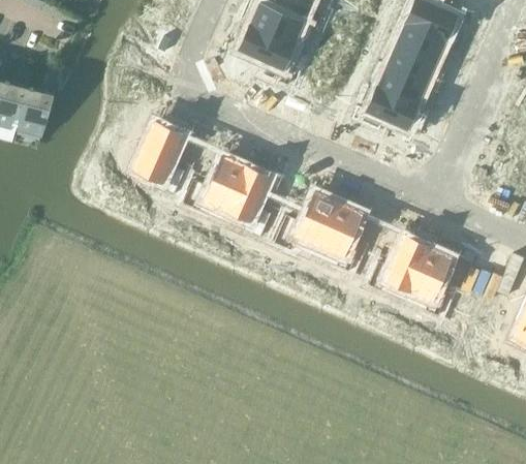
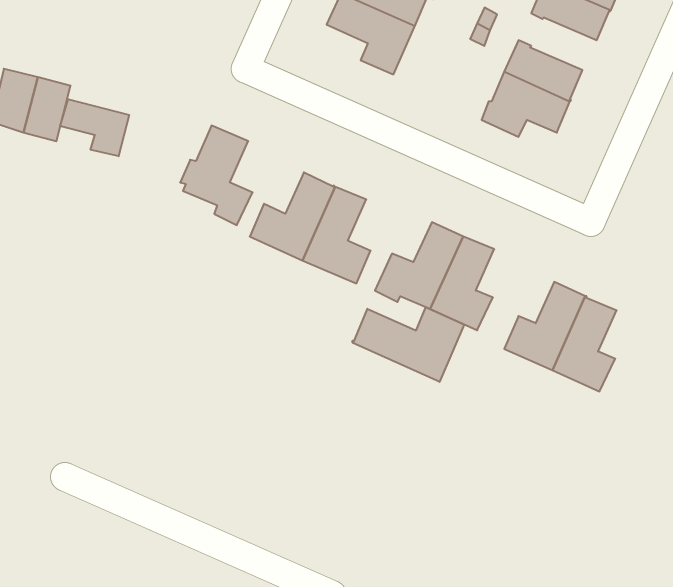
building: [389,41,437,80] -> none
building: none -> [60,99,129,156]
building: none -> [353,307,464,382]

